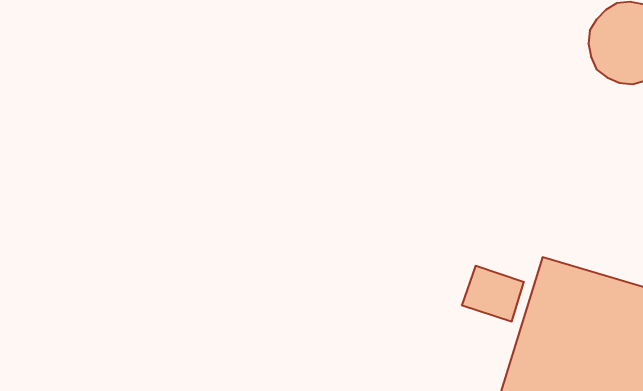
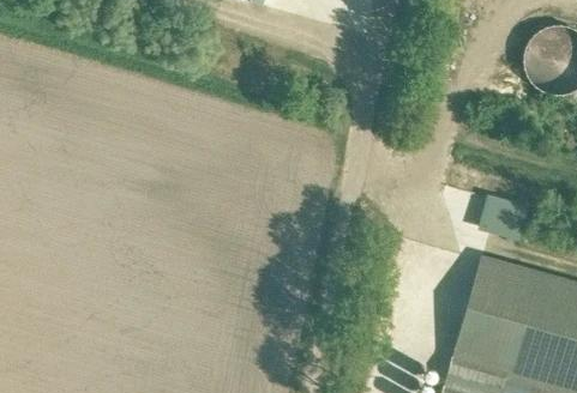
building: [462,266,524,321] -> [467,194,522,243]

